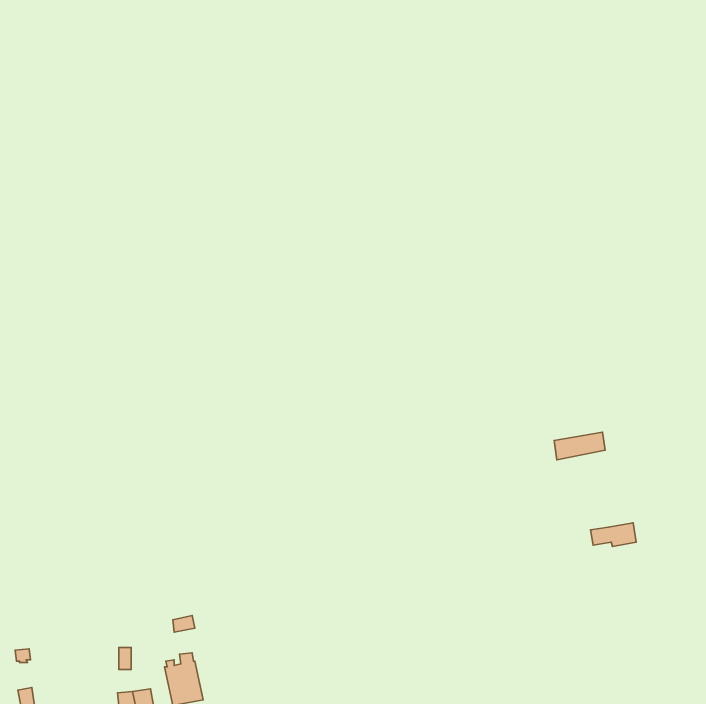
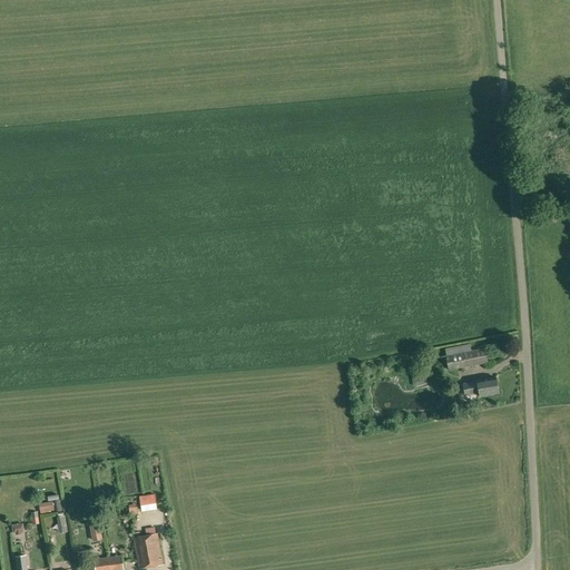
building: [591,523,636,546] -> [462,379,499,397]

